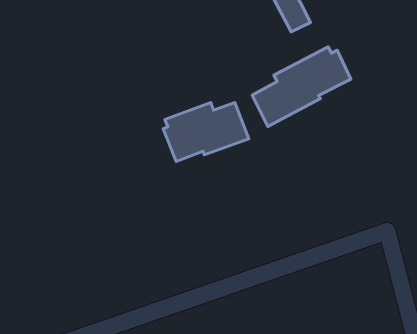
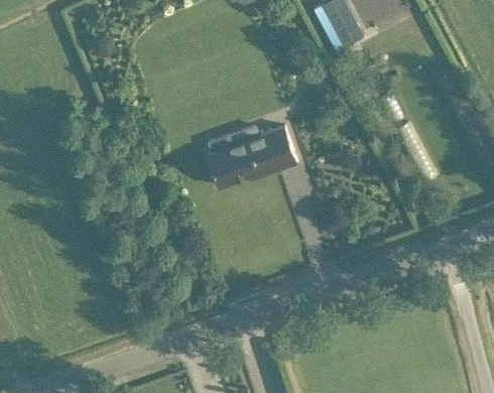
building: [252,47,351,127] -> none

